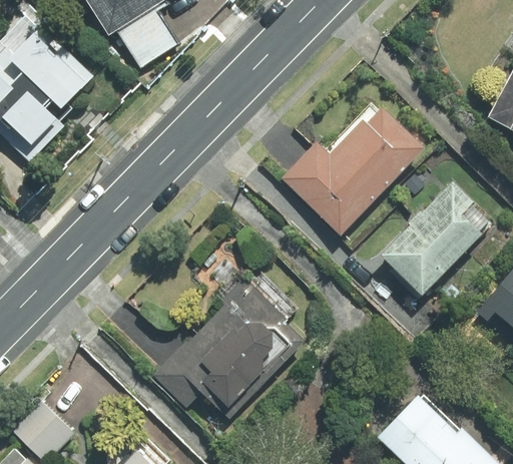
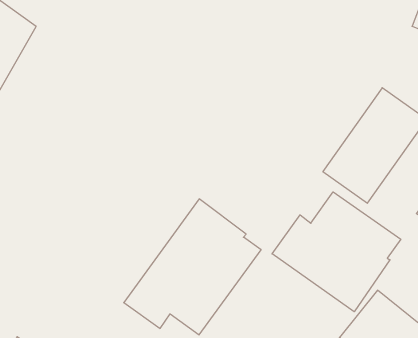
building: [287,99,427,236] -> none
building: none -> [272,192,401,312]

